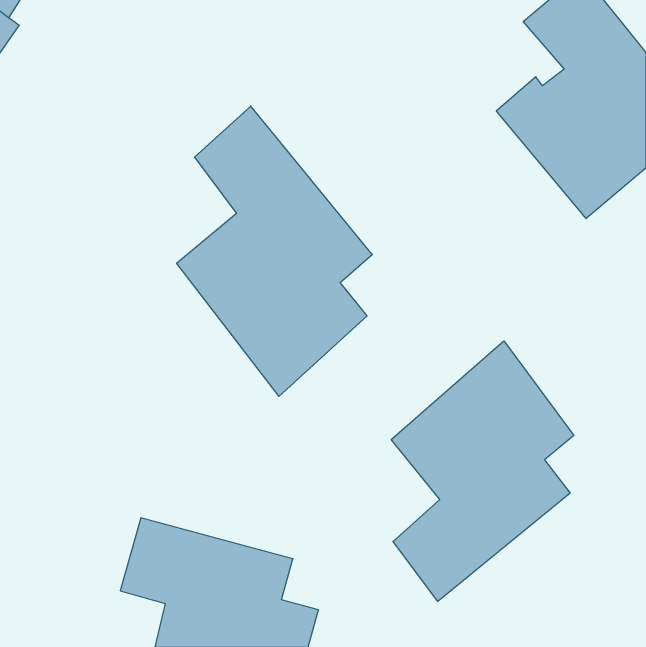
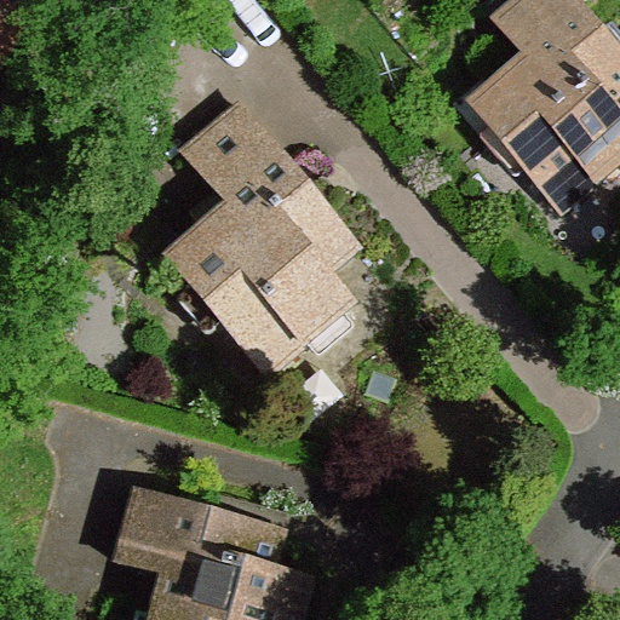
building: [391,341,574,601] -> none

